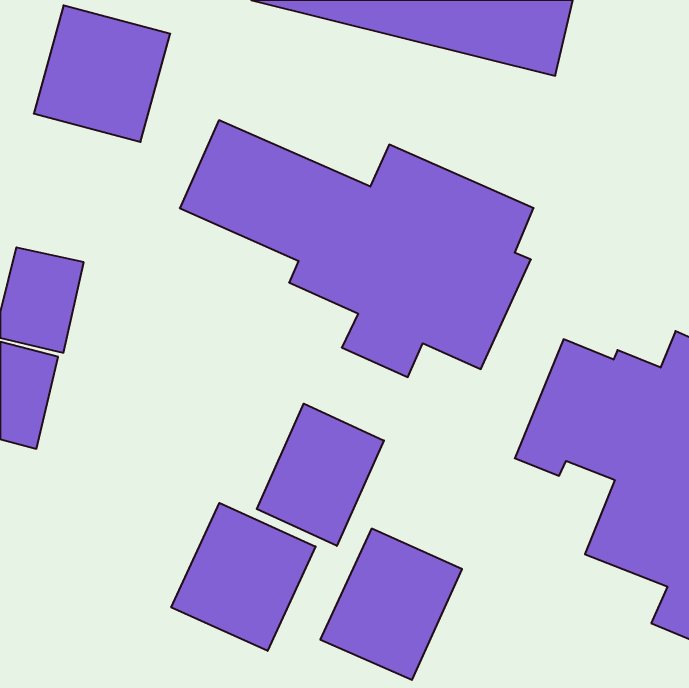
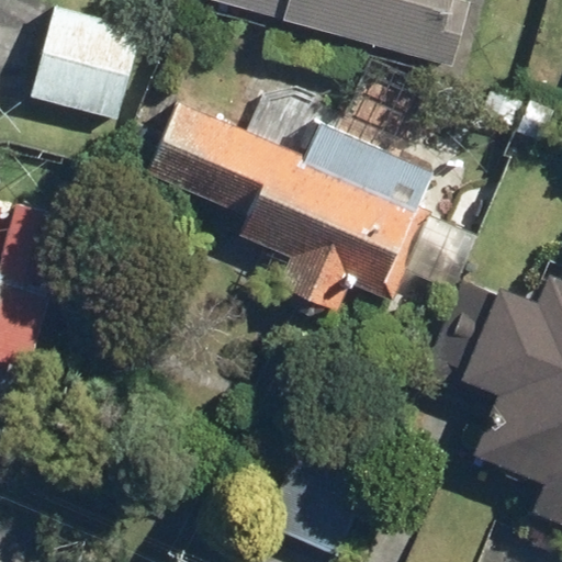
building: [257,404,384,546] -> none
building: [171,503,316,651] -> none

